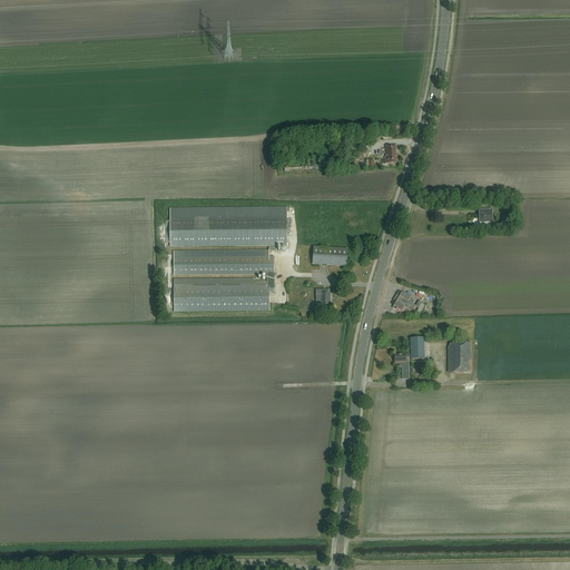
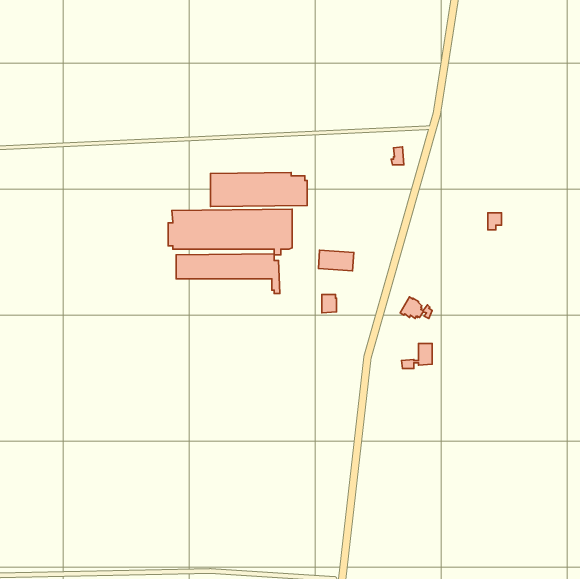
building: [174,276,268,309] -> [211,172,307,207]
building: [448,342,470,371] -> none

